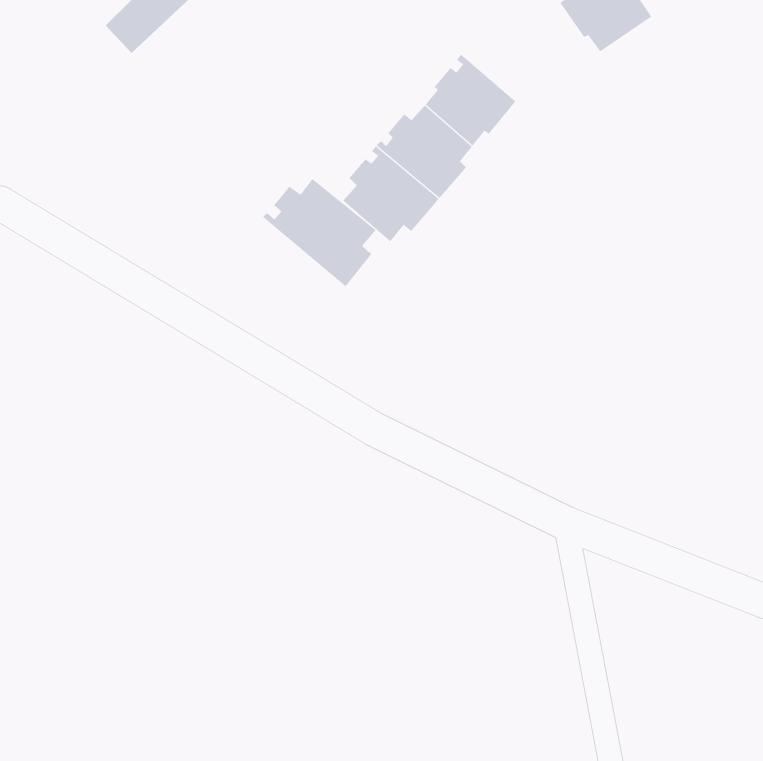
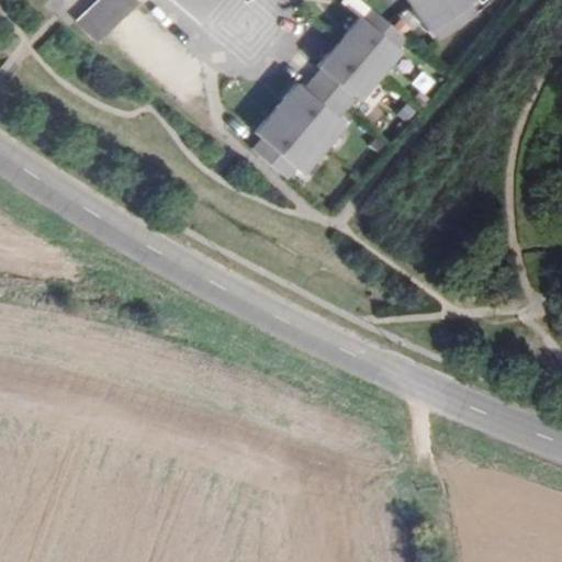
building: none -> [339,7,408,75]
building: [262,178,377,287] -> none

